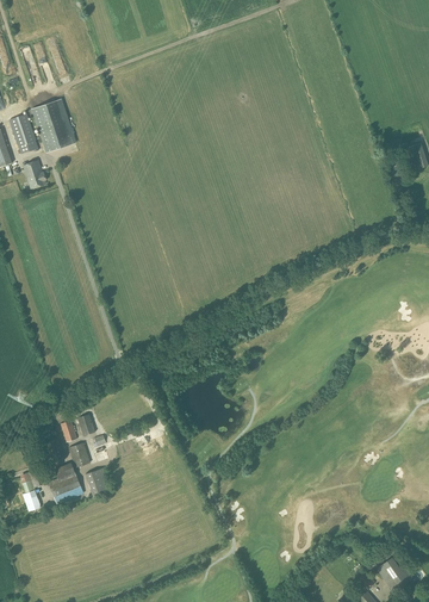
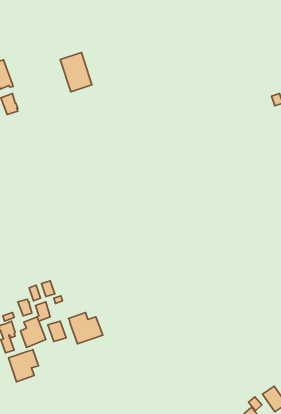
building: [33,98,76,151] -> [60,52,92,92]
building: none -> [68,312,103,344]
building: none -> [9,349,38,382]

